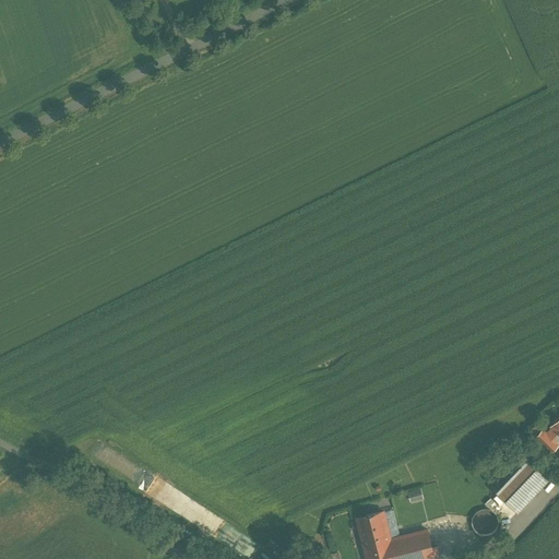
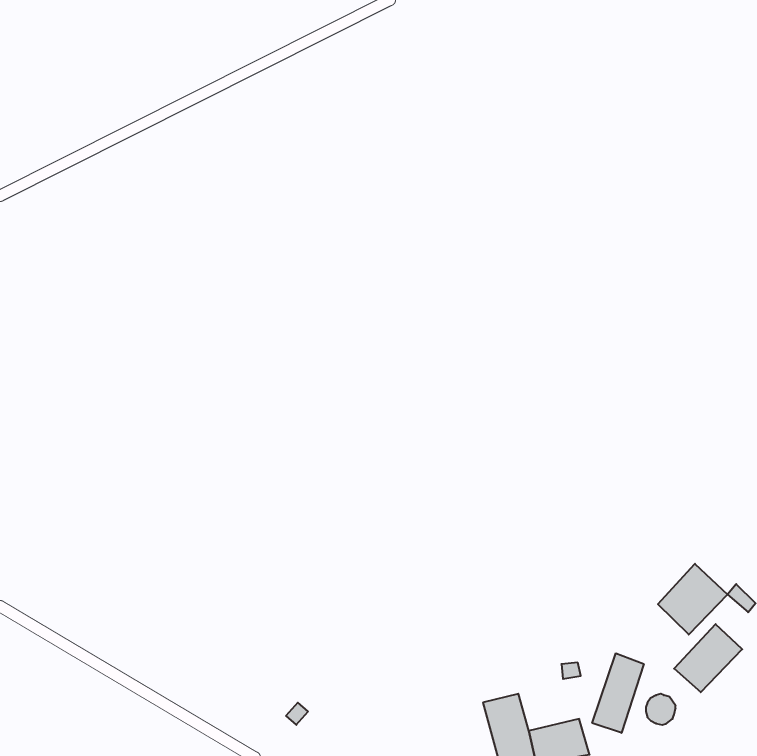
building: none -> [658,564,727,635]
building: none -> [592,653,644,733]

